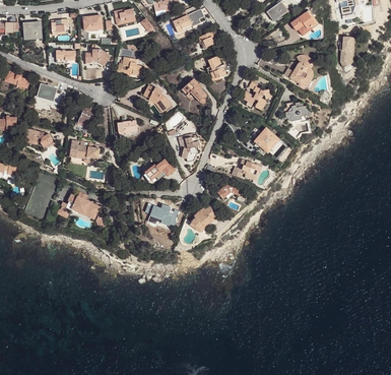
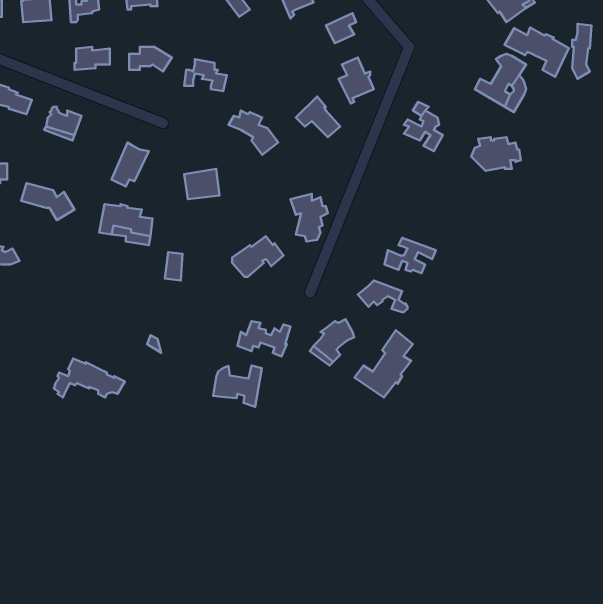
building: none -> [504,28,569,77]
building: [253,130,283,157] -> none
building: [60,194,101,216] -> [54,358,125,397]
building: none -> [354,330,413,398]
building: none -> [213,366,262,407]

